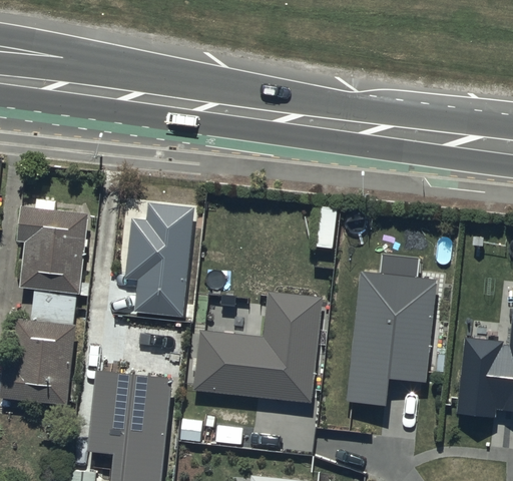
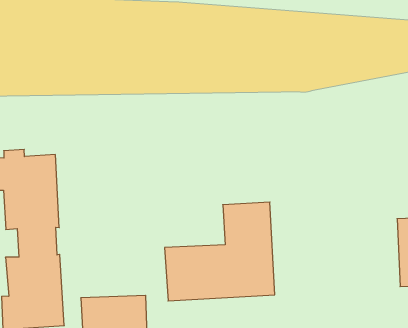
building: [128,202,196,316] -> none
building: [347,255,435,406] -> none

